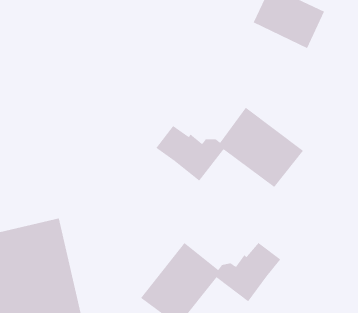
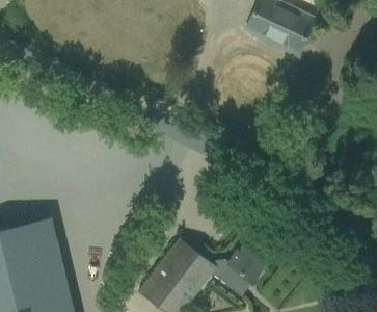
building: [155,107,304,188] -> none

